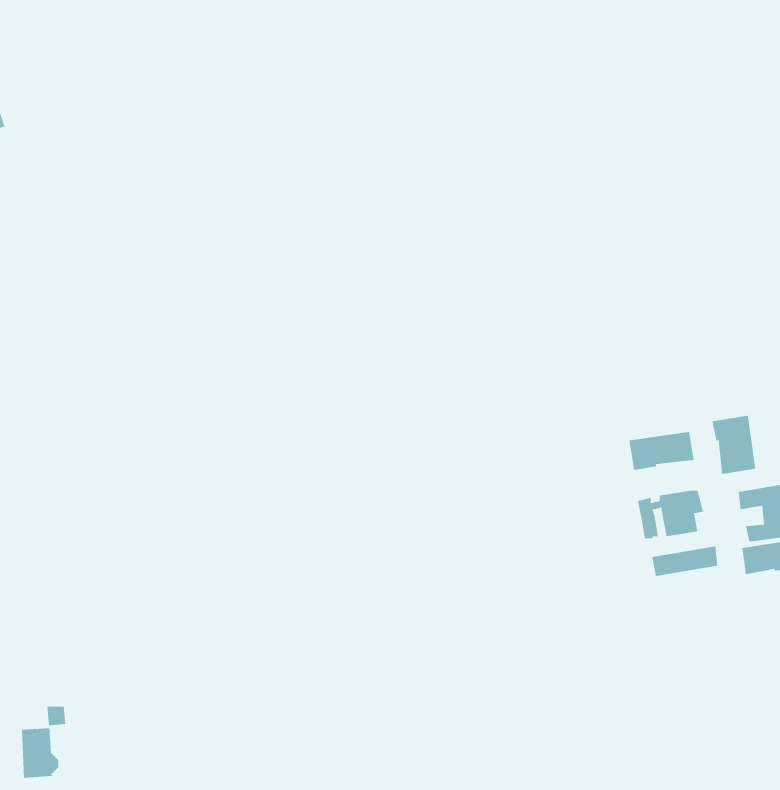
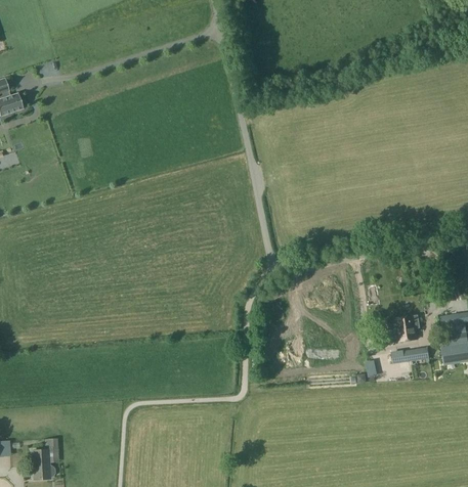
building: [712,415,756,475] -> none
building: [629,431,694,471] -> none

